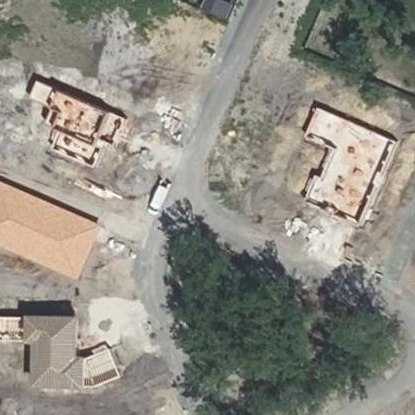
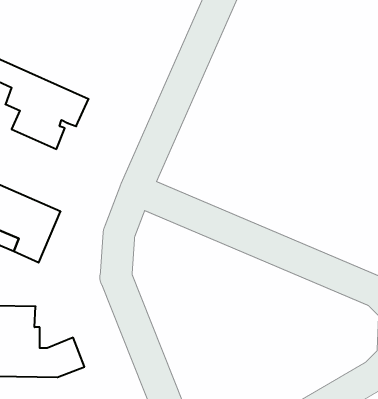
building: [303,108,394,221] -> none

